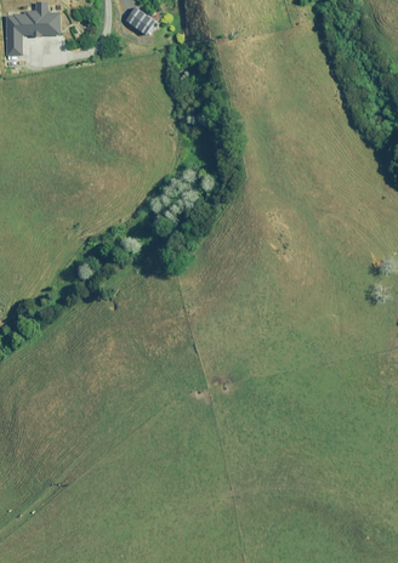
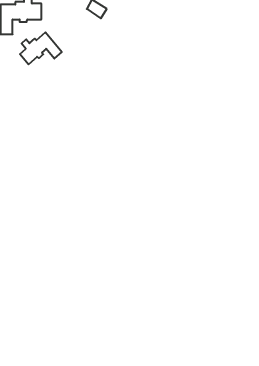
building: none -> [20,32,62,64]

